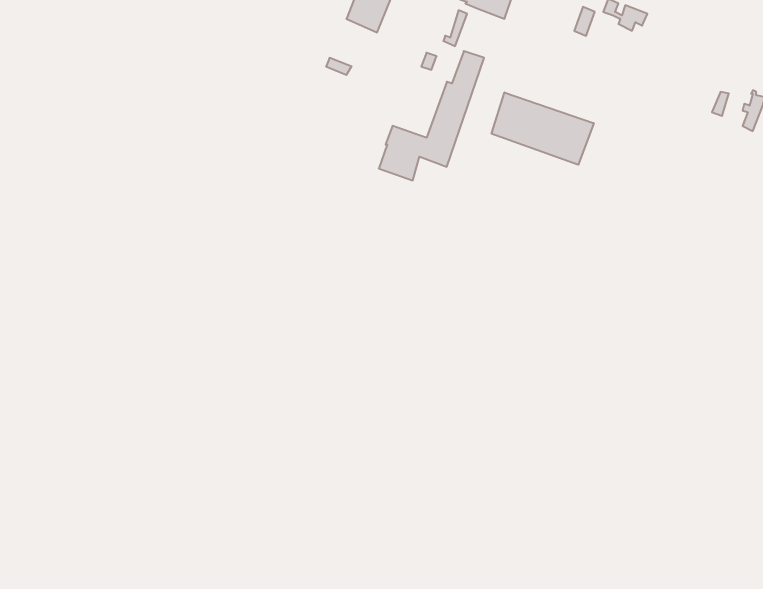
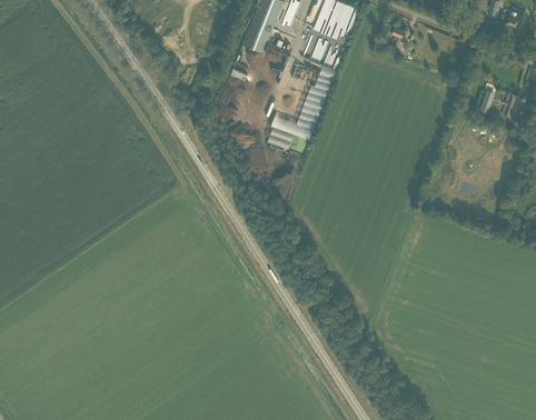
building: [492,92,594,165] -> none

